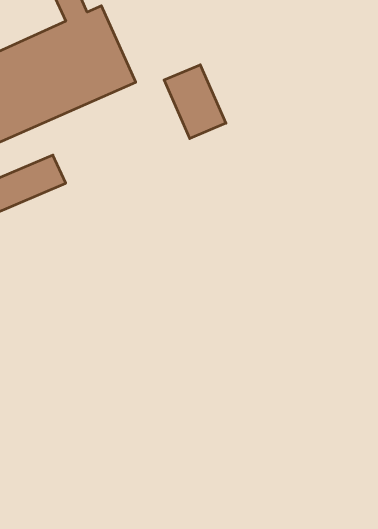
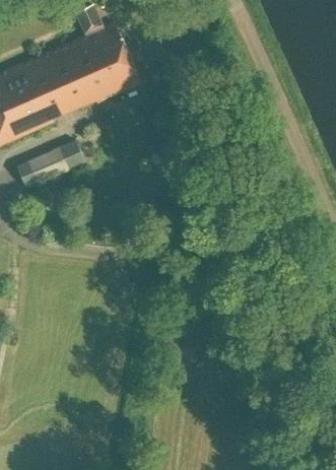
building: [164,65,226,139] -> none

